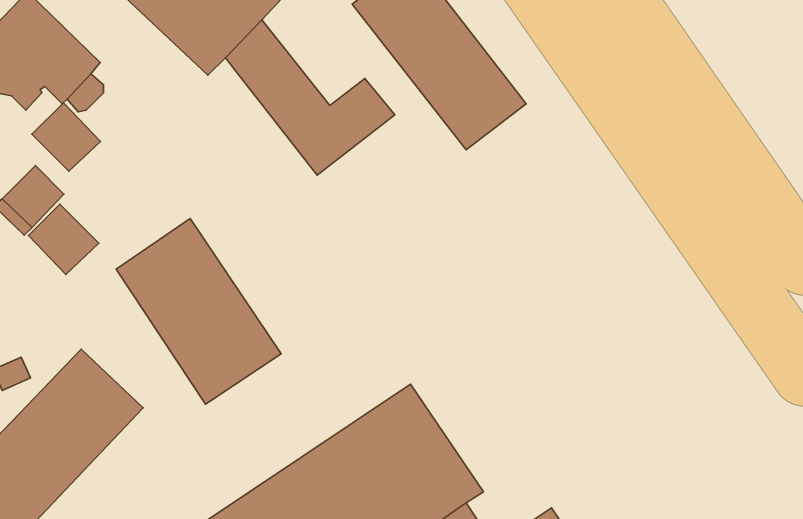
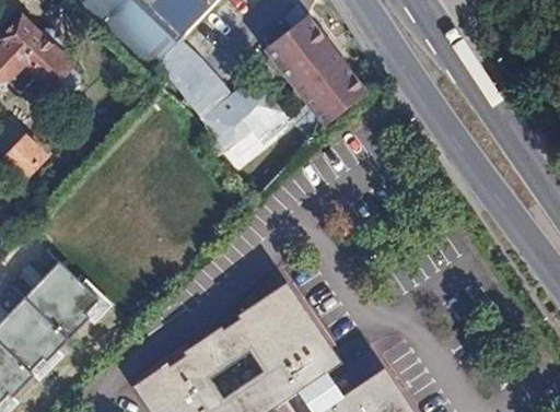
building: [32,103,101,171] -> none
building: [29,204,99,274] -> none
building: [116,219,281,404] -> none

